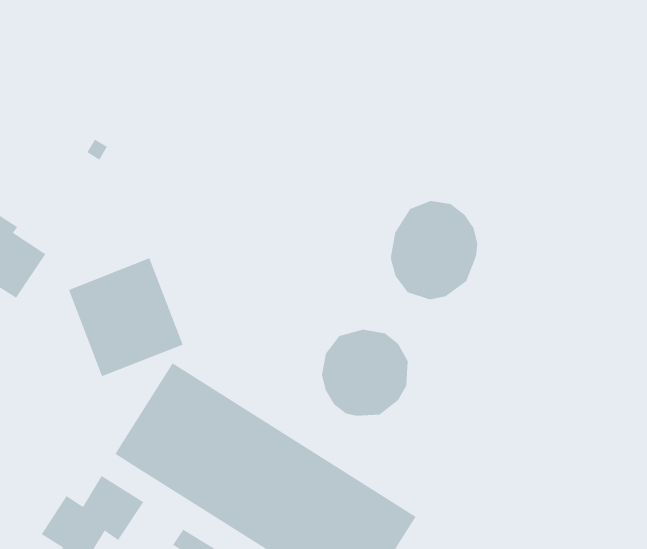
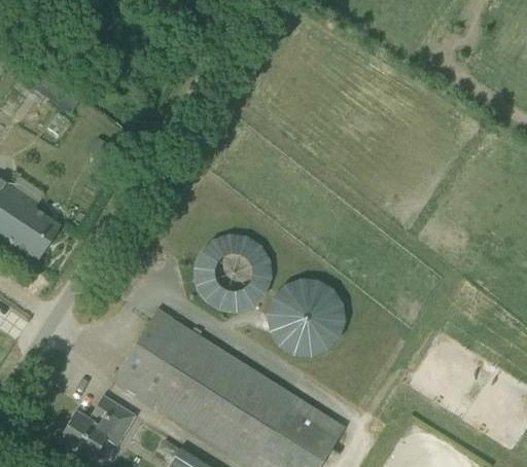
building: [390,200,478,300] -> none
building: [68,258,183,377] -> [186,226,275,318]

